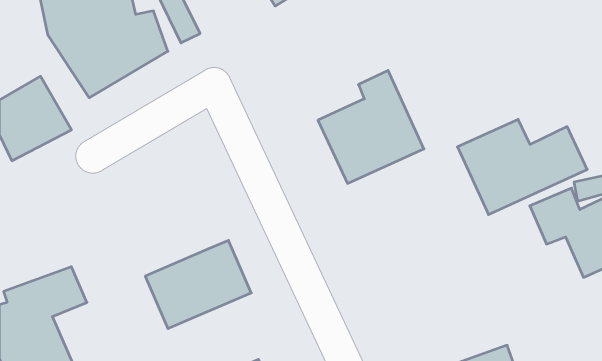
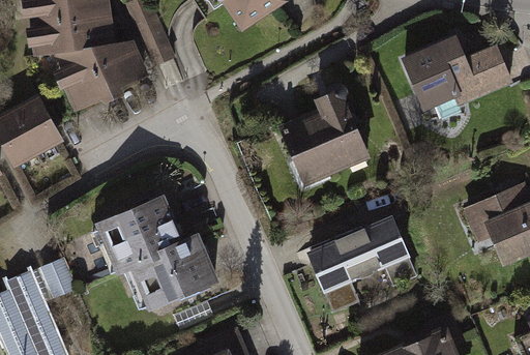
building: [457,119,587,215] -> [403,38,516,121]
building: none -> [93,196,182,274]
building: none -> [302,212,417,319]

